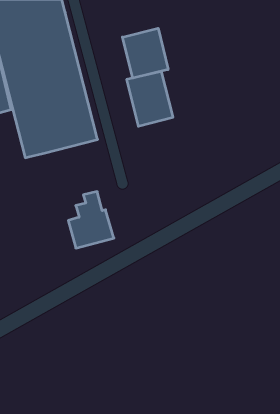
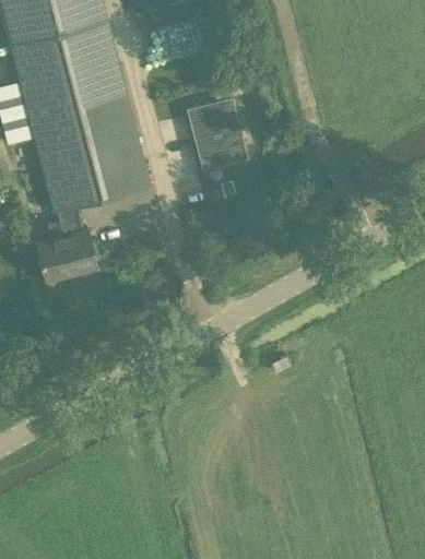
building: [122,28,168,78] -> none
building: [68,192,114,248] -> [38,203,98,277]

